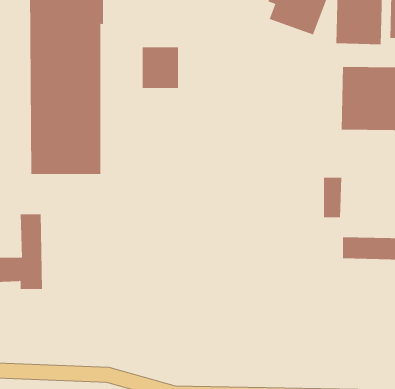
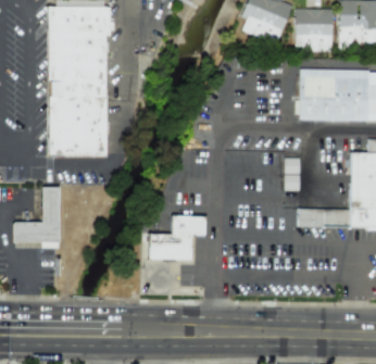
building: [142,47,179,89] -> none
building: none -> [149,216,205,261]

